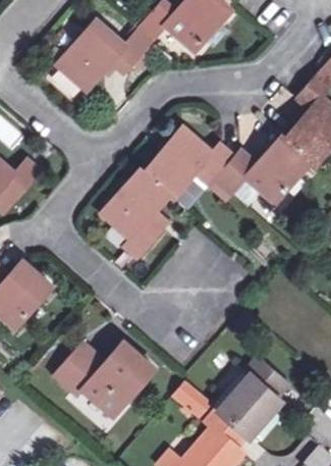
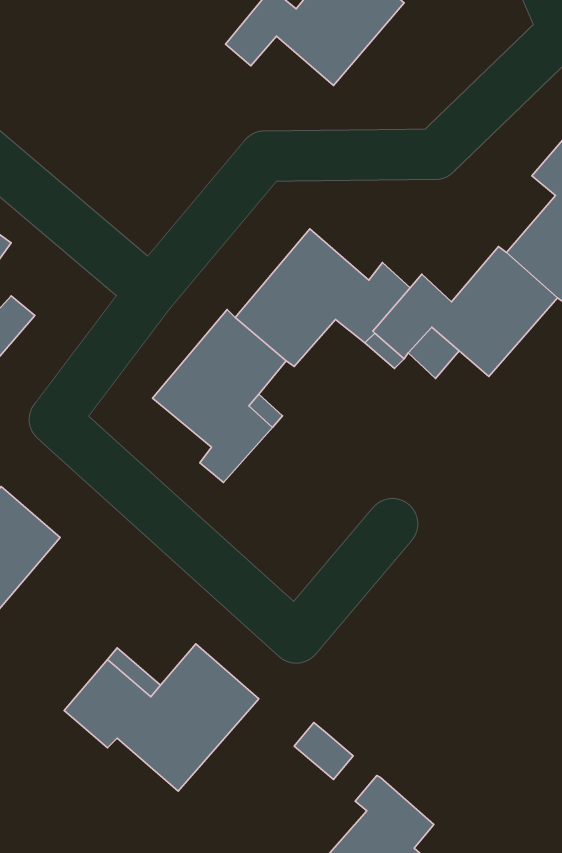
building: [55,19,151,91] -> none
building: [218,358,286,437] -> none

